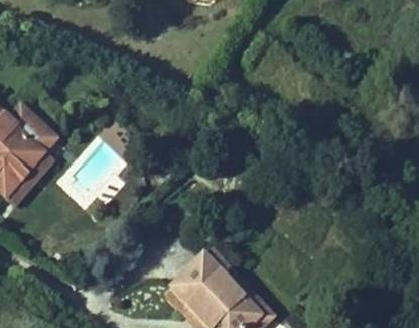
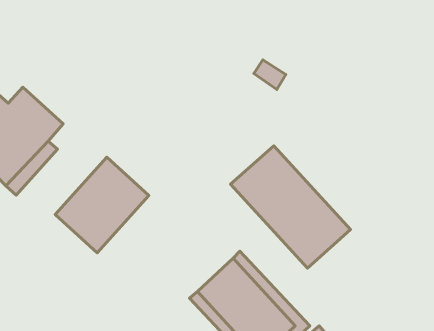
building: none -> [231,146,351,268]
building: none -> [55,157,149,253]

